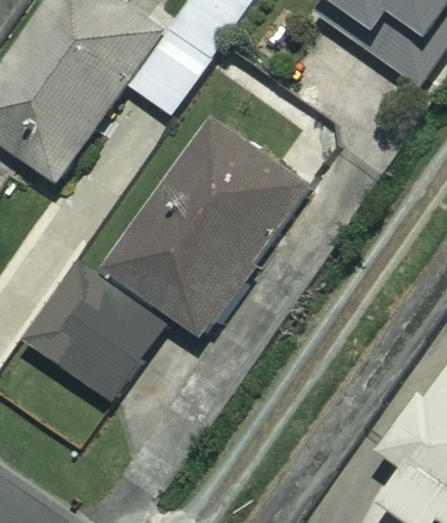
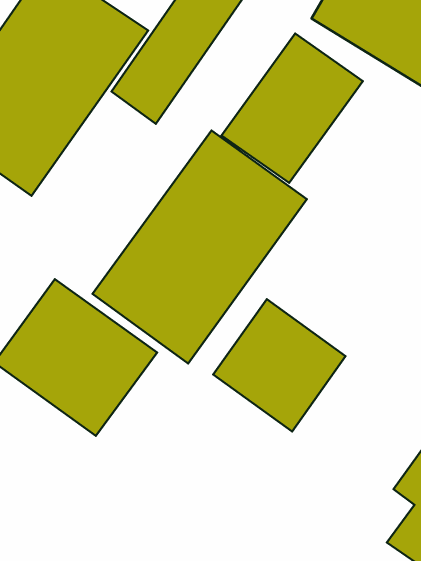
building: none -> [222,34,363,183]
building: none -> [213,299,346,431]

